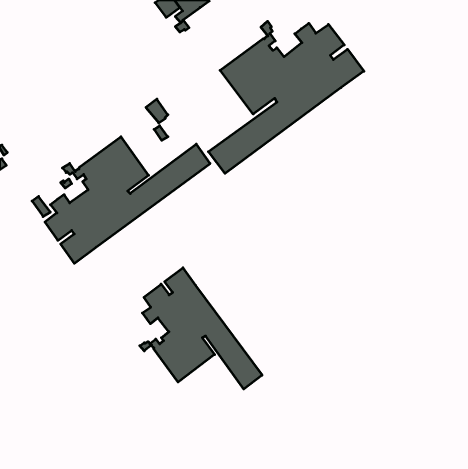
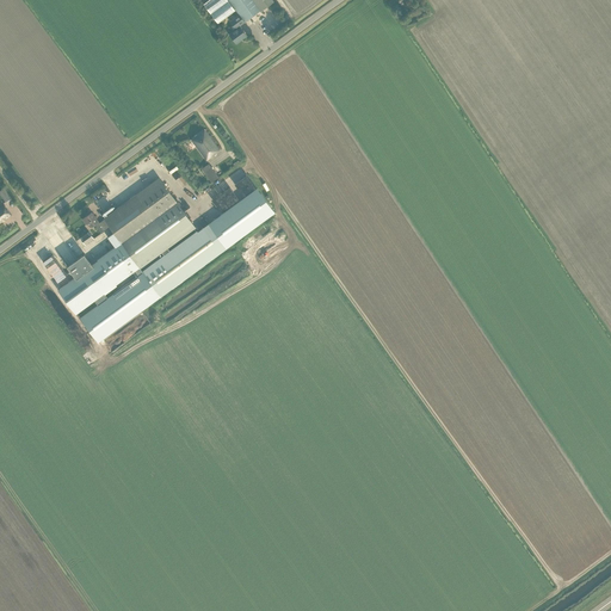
building: [208,21,364,173] -> none
building: [140,268,262,389] -> none

